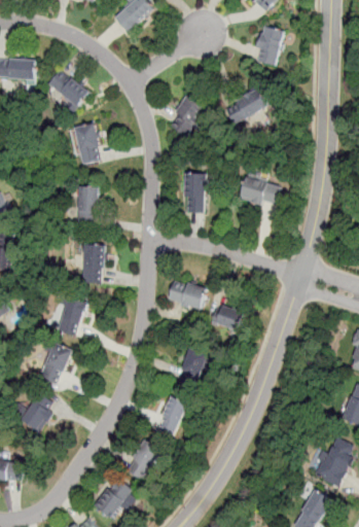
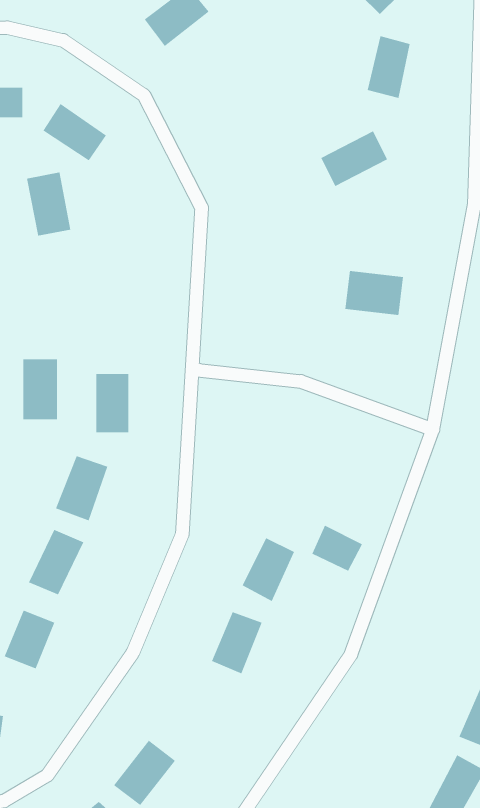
building: [170,96,208,134] -> none
building: [72,124,101,165] -> [26,172,71,236]
building: [183,172,205,213] -> none
building: [75,185,98,224] -> [23,359,58,420]
building: [168,282,205,309] -> none
building: [209,304,242,333] -> [311,525,363,571]
building: [122,438,160,481] -> none

